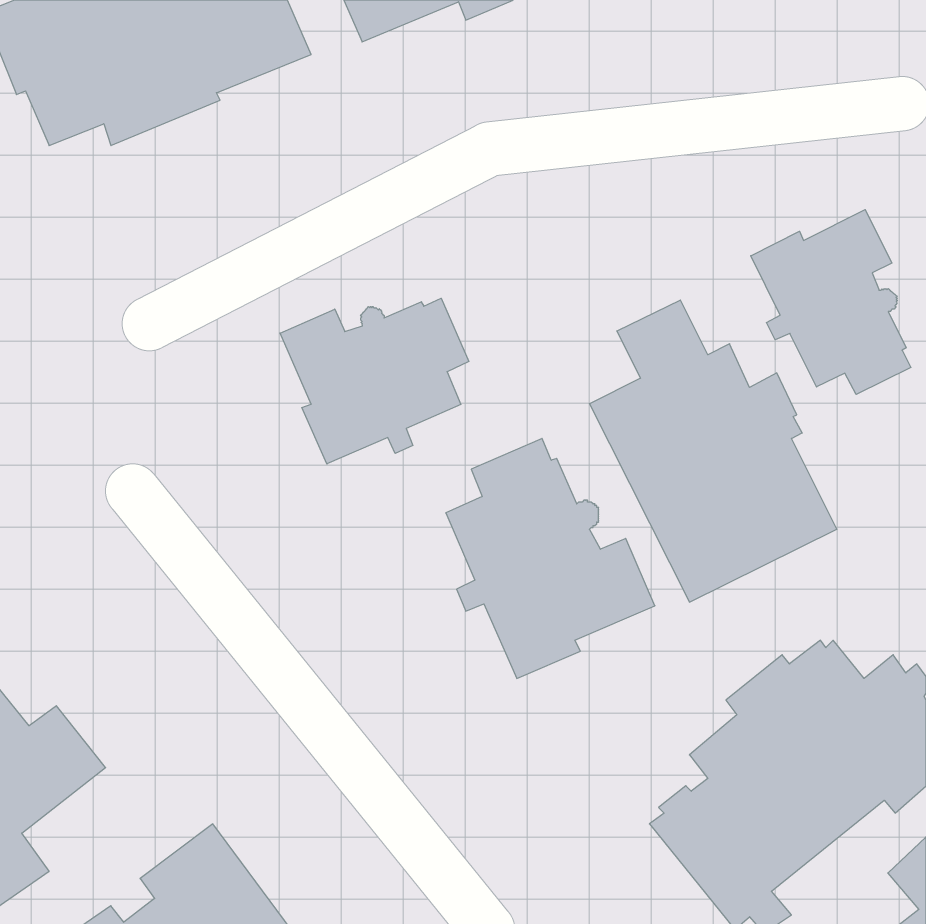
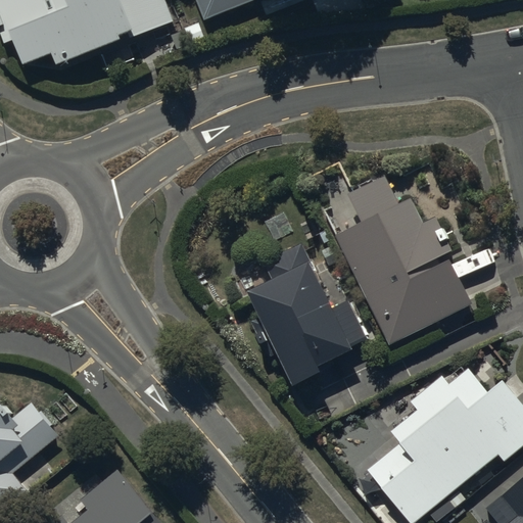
building: [751,210,911,394] -> none
building: [280,298,469,464] -> none

